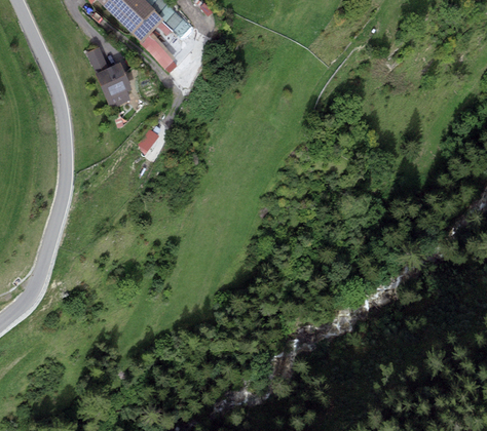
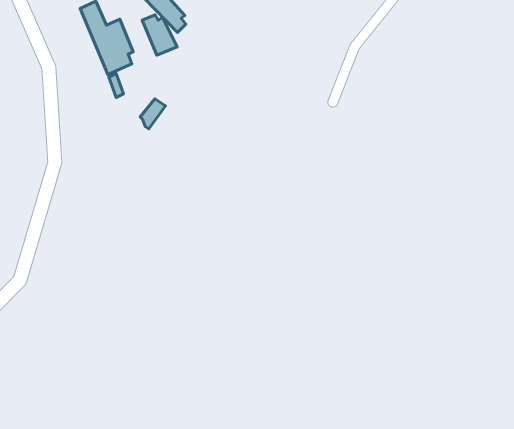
building: none -> [142,15,177,55]

